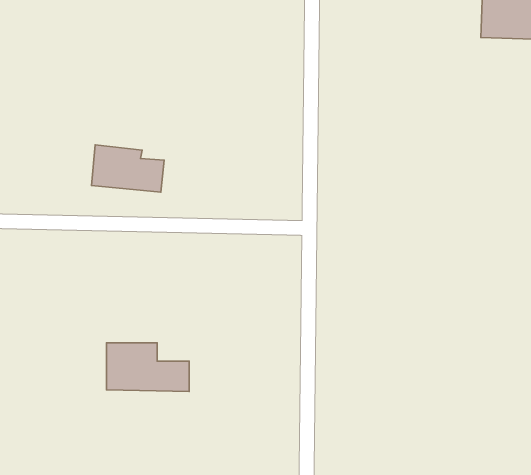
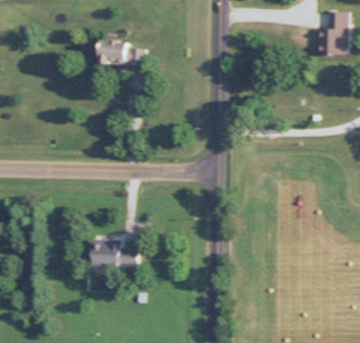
building: [92,145,164,192] -> [101,40,144,68]

